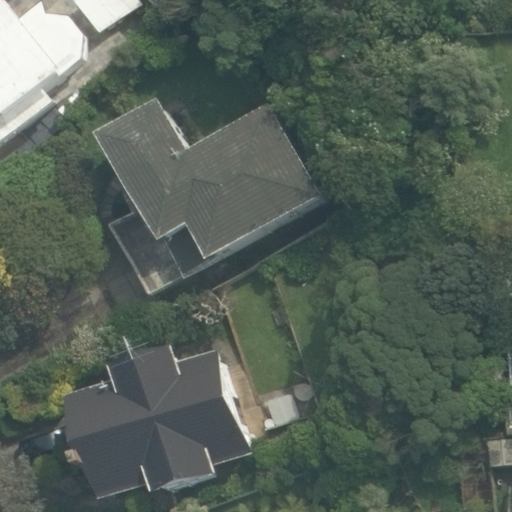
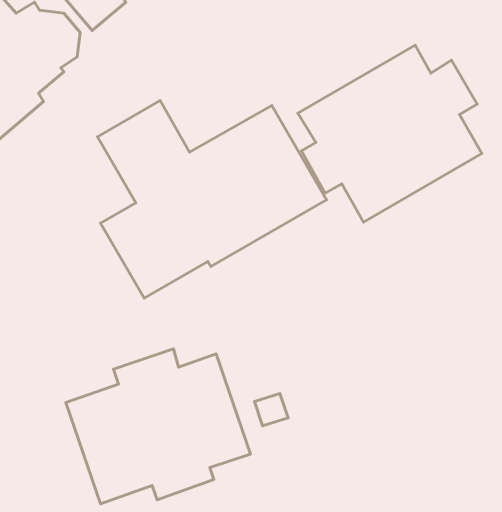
building: none -> [298,45,482,222]

